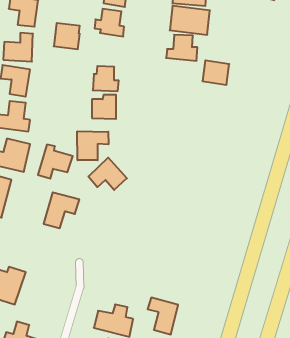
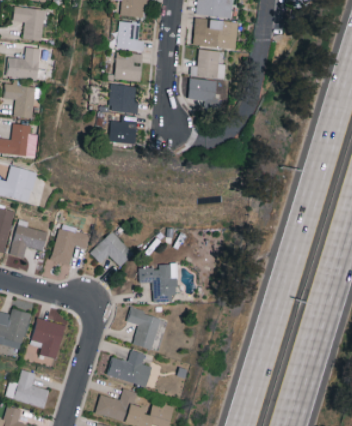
building: [54,23,80,49] -> [112,52,141,81]
building: [202,60,229,85] -> [186,77,216,104]
building: [77,131,108,160] -> none
building: [38,145,73,179] -> [10,219,49,257]
building: [88,158,127,190] -> [91,231,134,267]
building: none -> [140,263,178,302]
building: none -> [31,318,65,359]
building: [148,298,178,334] -> [127,308,161,349]

